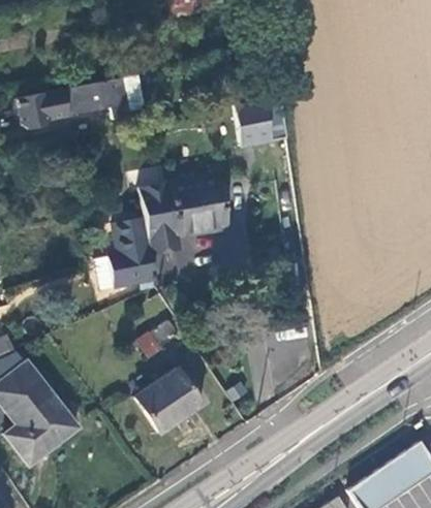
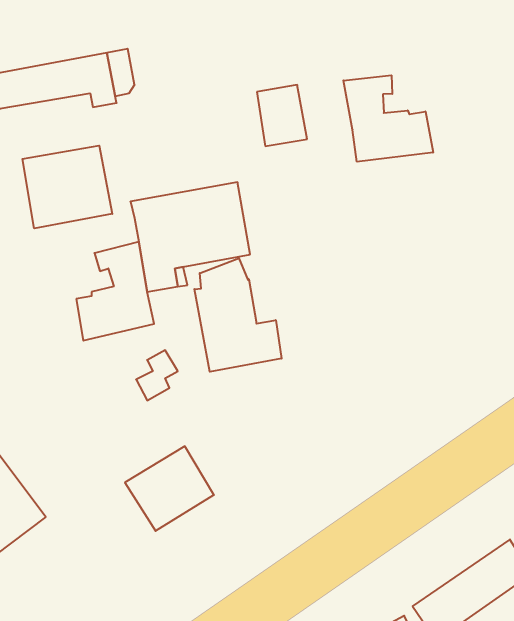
building: none -> [343,75,433,162]
building: none -> [22,146,112,228]
building: none -> [194,258,282,372]

